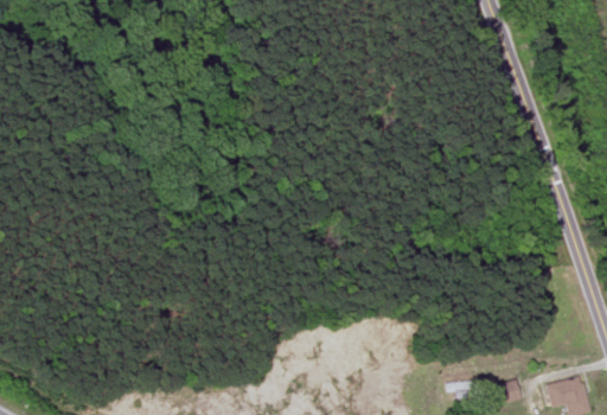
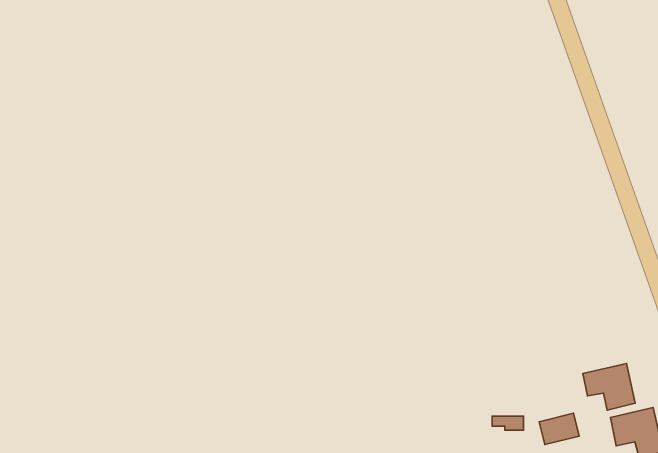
building: none -> [583,364,635,410]

